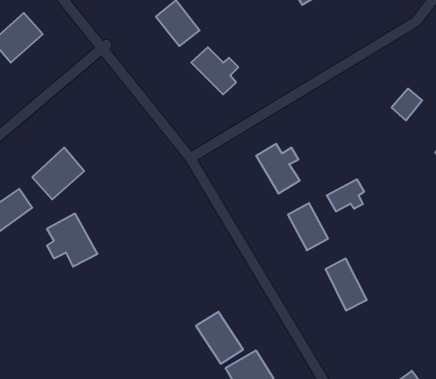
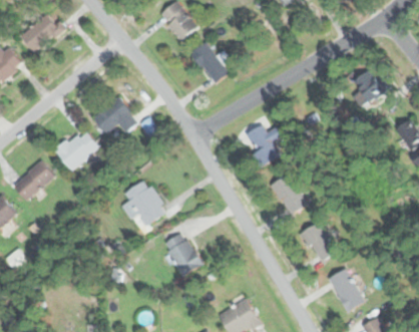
building: none -> [92,96,138,132]
building: [327,179,364,211] -> none
building: [47,214,98,267] -> [123,179,166,224]
building: [196,312,243,364] -> [162,231,202,275]
building: none -> [328,269,365,311]

